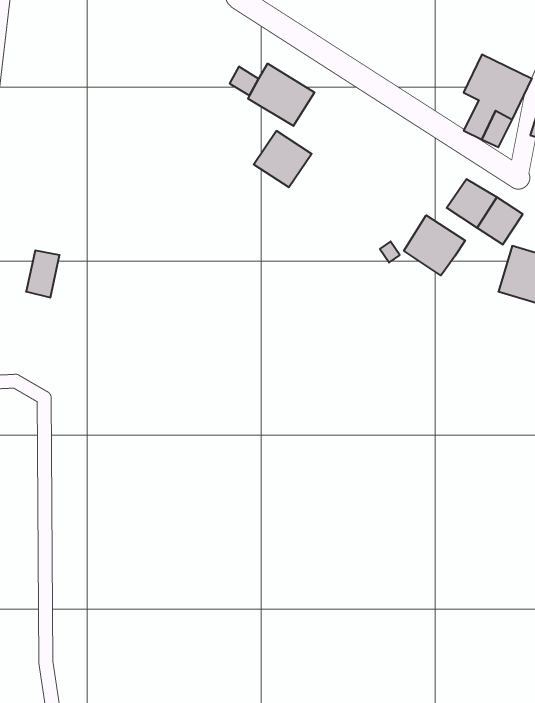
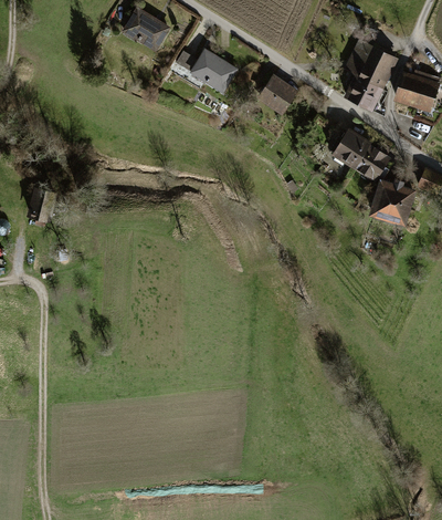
building: none -> [125,9,168,50]
building: [254,131,312,187] -> [256,74,298,115]
building: [404,215,465,275] -> none

